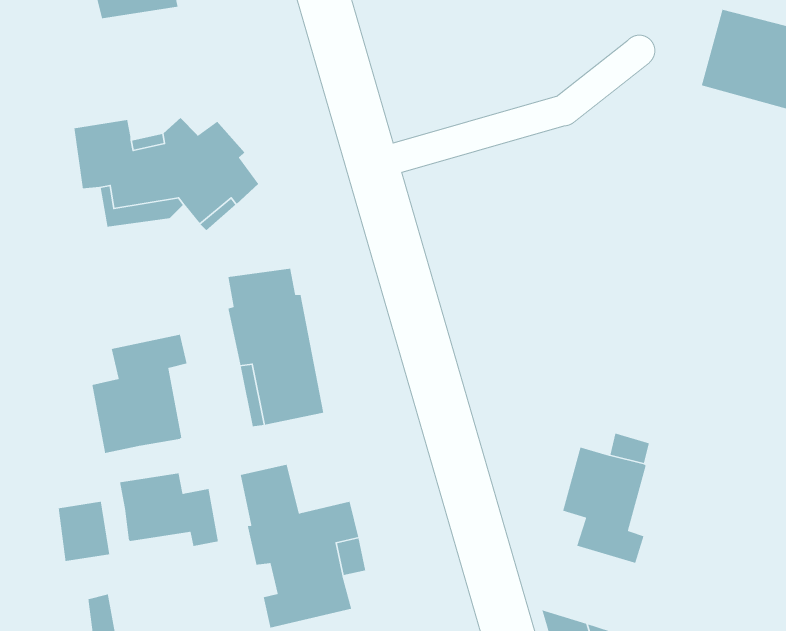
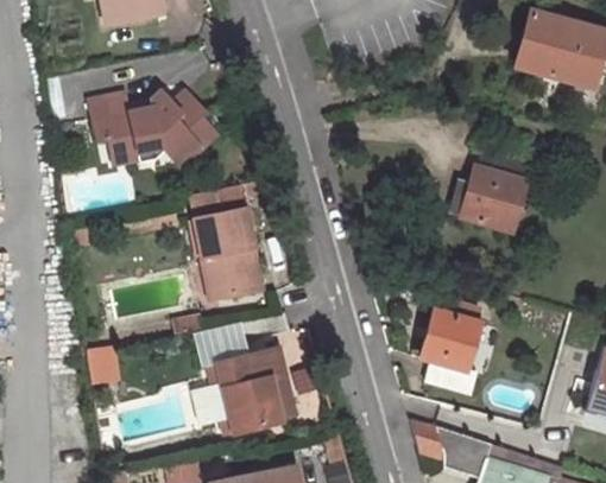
building: none -> [463,166,529,230]
building: [91,334,187,454] -> none
building: [119,472,219,547] -> none

